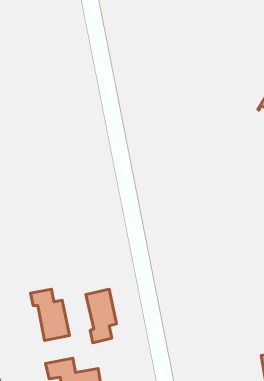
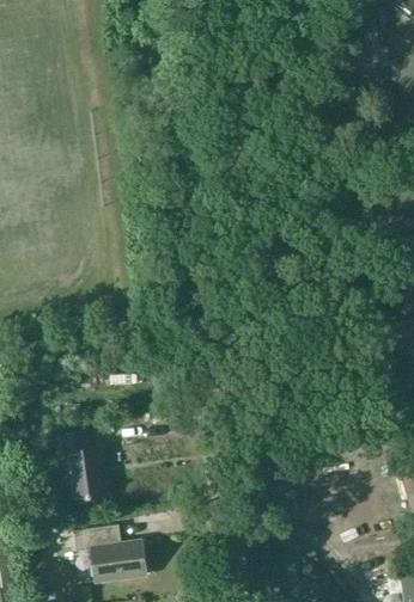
building: [86,289,117,343] -> none

